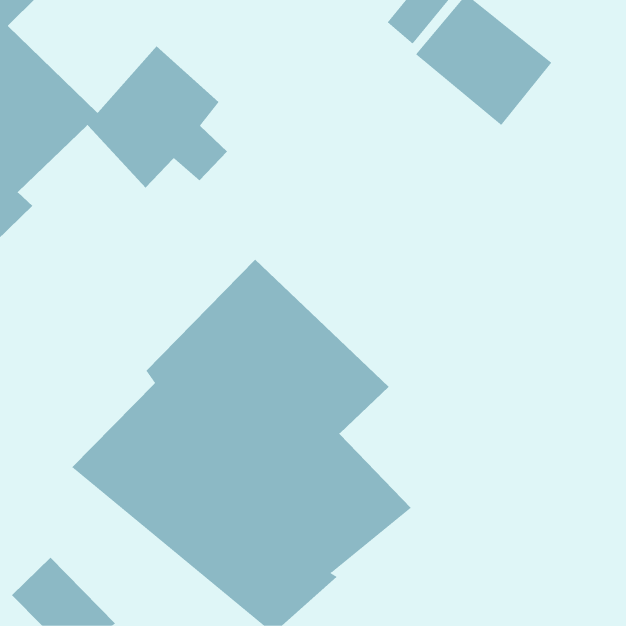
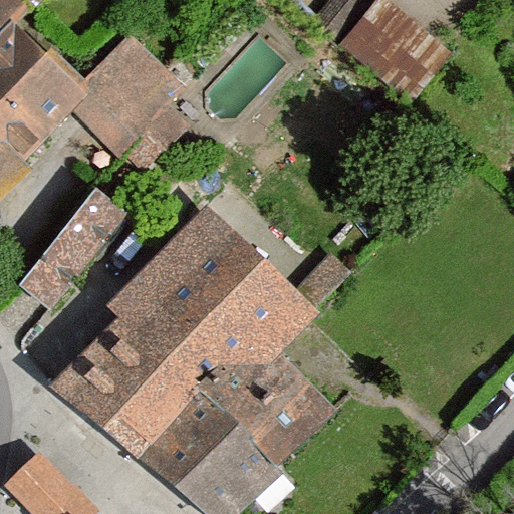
building: none -> [19,187,128,308]

